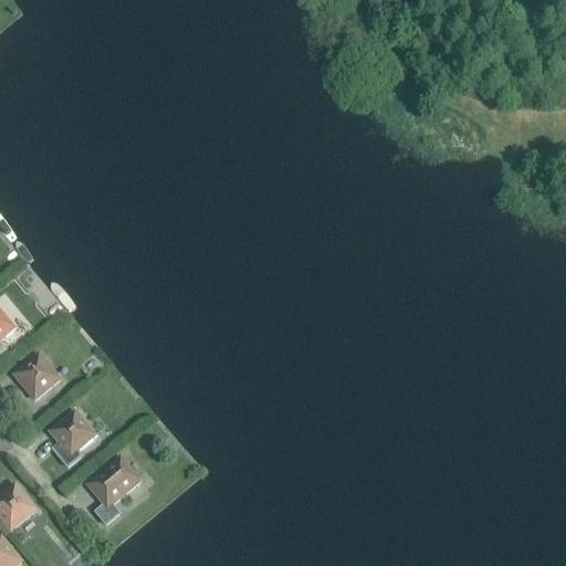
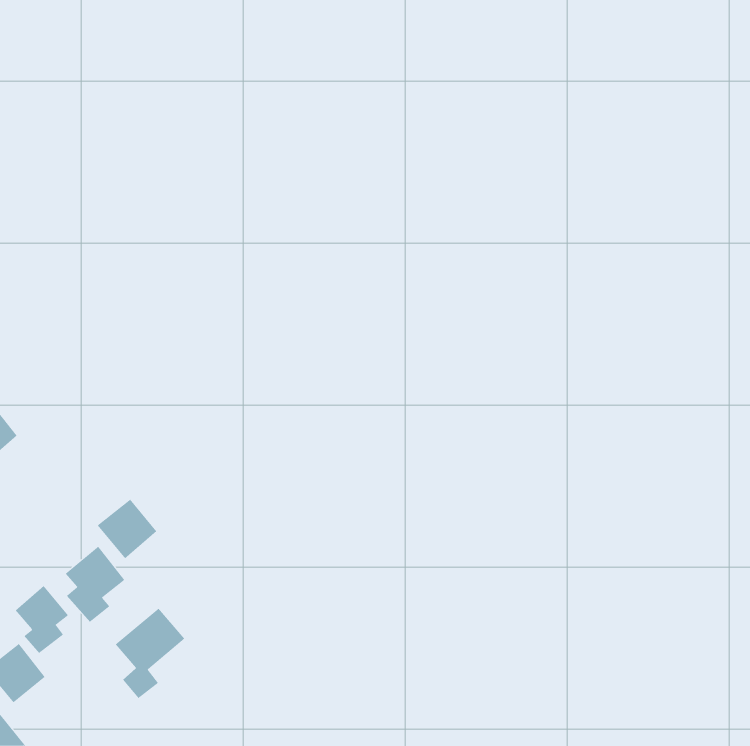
building: [13,354,59,399] -> [97,499,157,559]
building: none -> [15,585,69,654]

